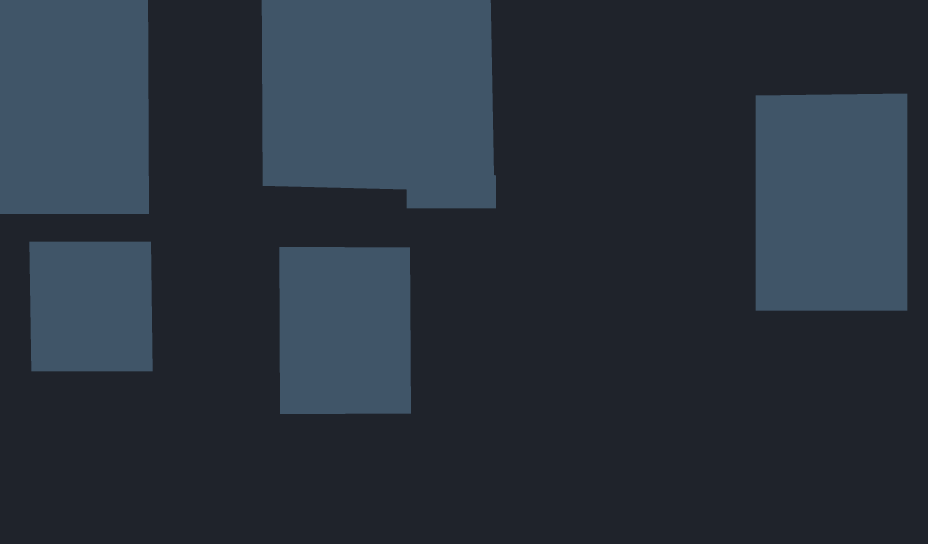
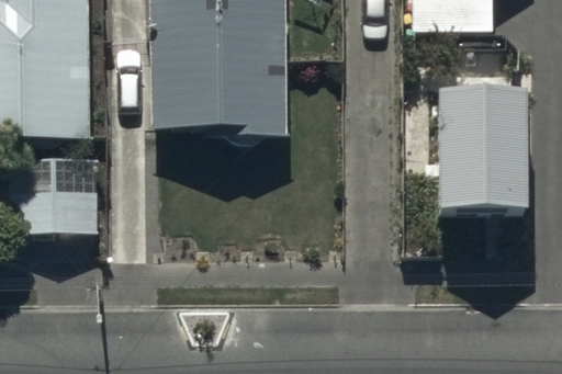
building: [279,246,411,415] -> none

